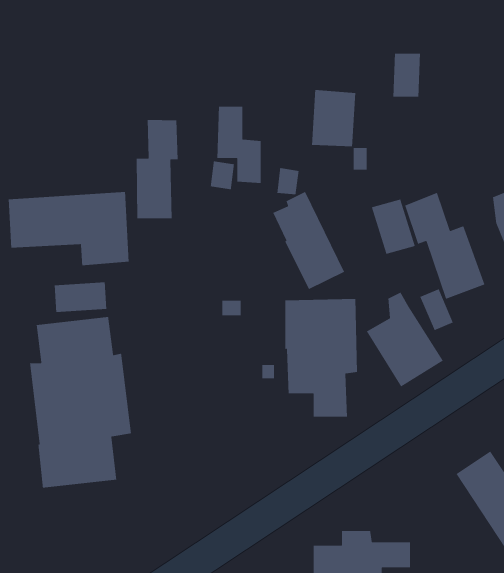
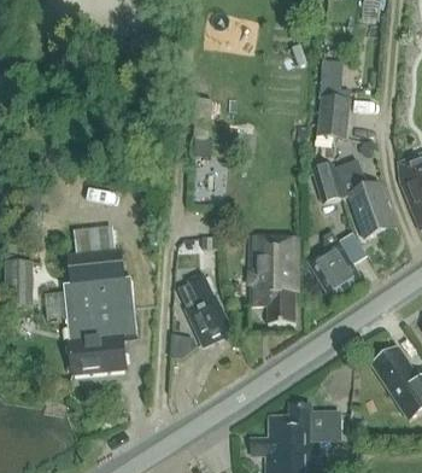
building: [311,89,356,147] -> [317,97,350,139]
building: [136,119,179,219] -> none
building: [272,191,345,290] -> [177,273,230,345]
building: [8,191,130,266] -> none

